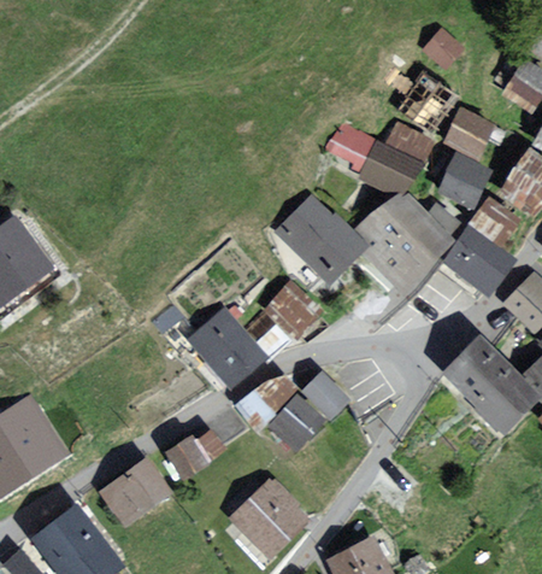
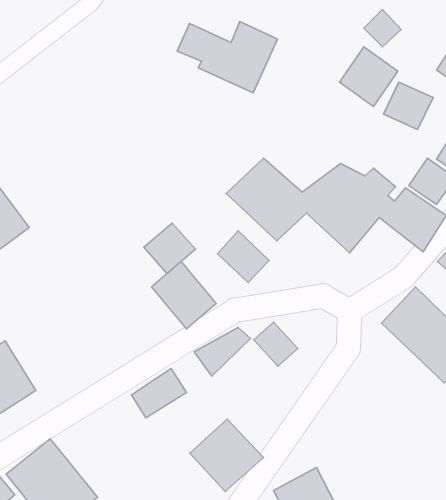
building: [326,122,436,200] -> [177,21,277,93]
building: [437,158,490,212] -> none
building: none -> [144,223,195,273]
building: [269,396,326,453] -> none
building: [99,457,173,526] -> none

